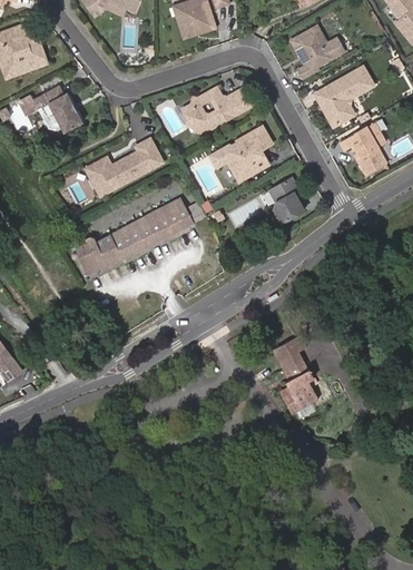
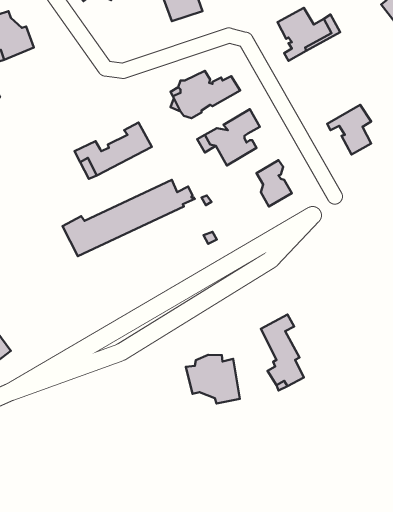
building: [314,65,374,126] -> none
building: [18,87,80,134] -> none
building: none -> [186,355,240,404]

